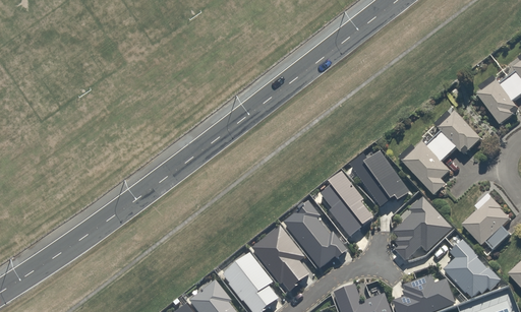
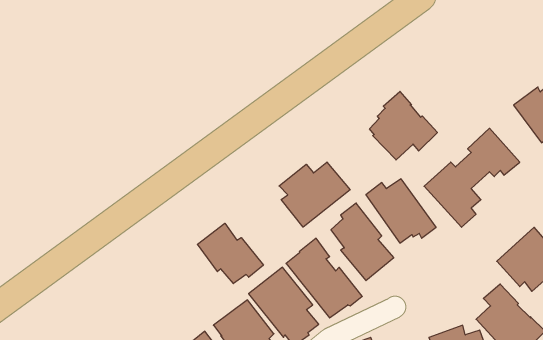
building: none -> [370,91,437,160]
building: none -> [279,162,350,227]
building: none -> [197,223,263,284]
building: [393,197,452,262] -> none

